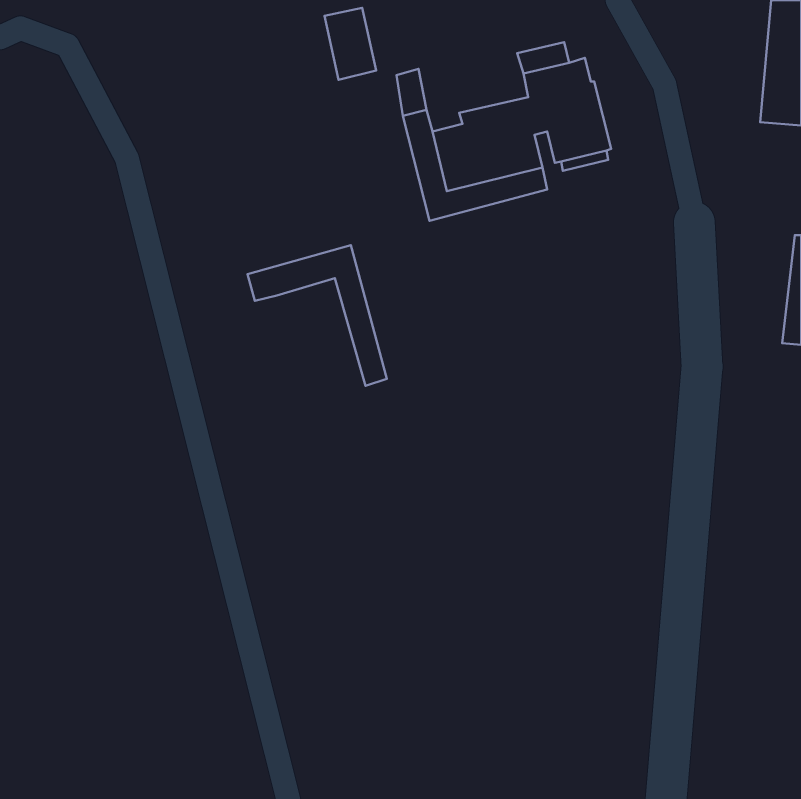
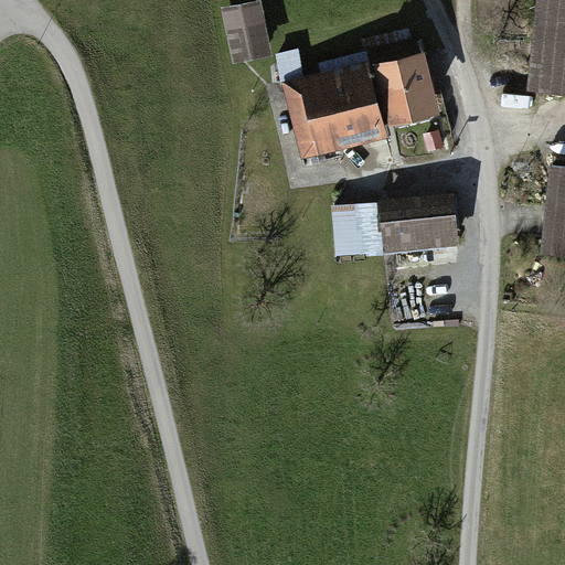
building: [248,245,387,386] -> none
building: none -> [384,199,454,243]
building: none -> [335,211,364,254]

